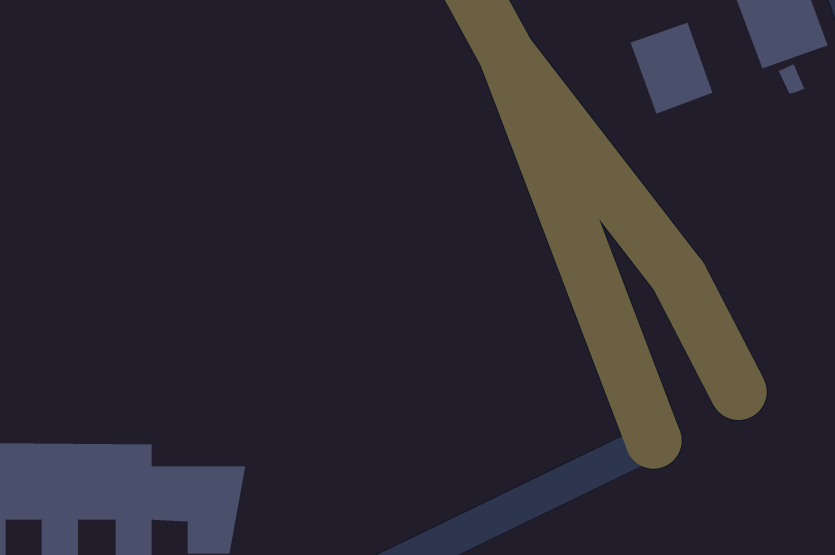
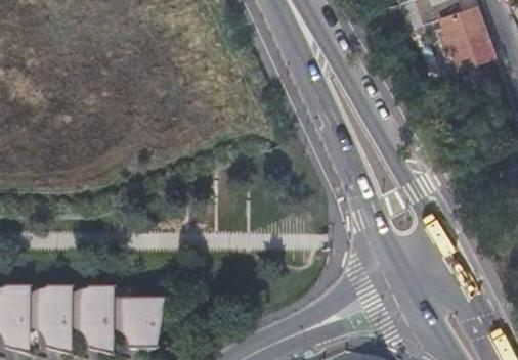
building: [630,22,713,115] -> none

